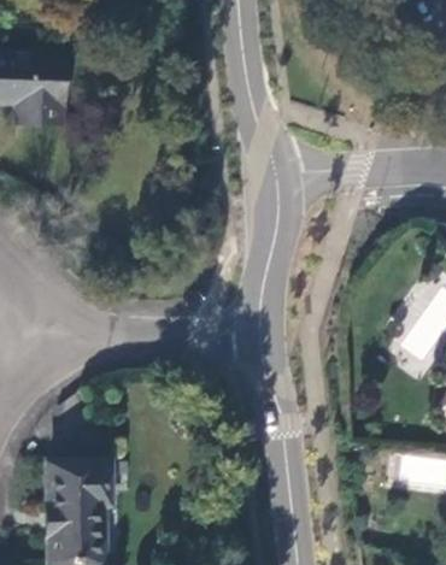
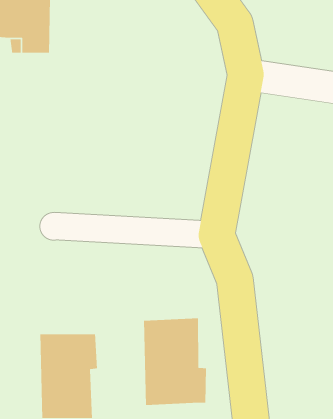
building: none -> [143,318,207,406]

